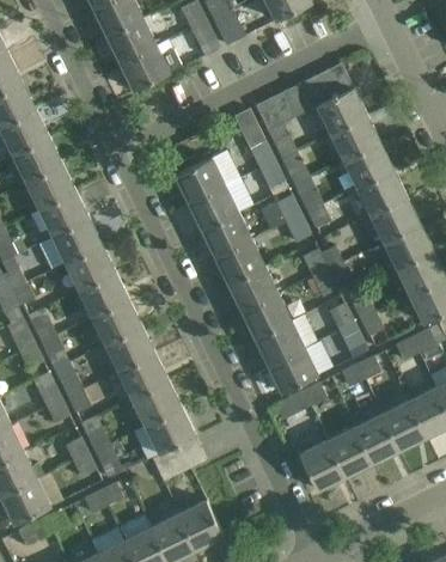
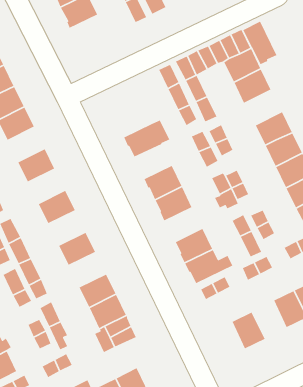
building: [118,39,181,91] -> none
building: none -> [242,21,277,65]
building: [343,142,393,188] -> none
building: [175,152,239,203] -> none
building: [38,190,87,236] -> none
building: [202,213,251,257] -> none
building: [65,244,114,289] -> none
building: [240,294,291,338] -> none
building: [91,298,140,343] -> none
building: [117,352,166,397] -> none
building: [354,414,398,464] -> none
building: [299,441,344,490] -> none

